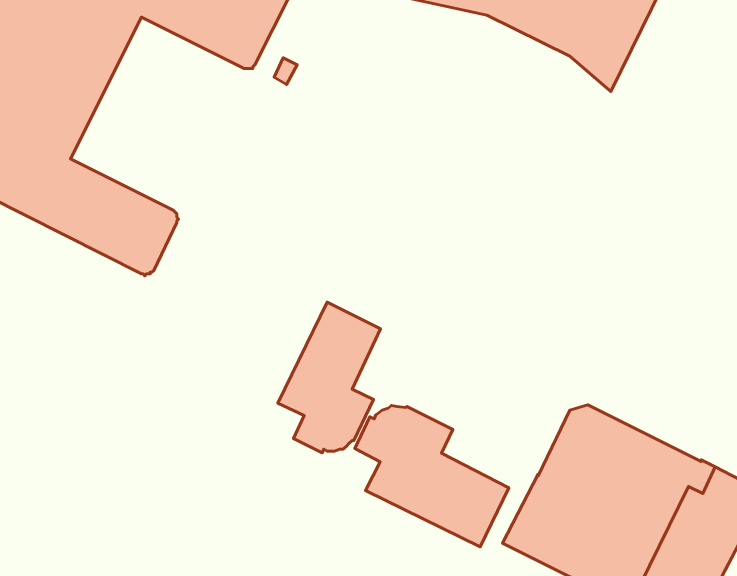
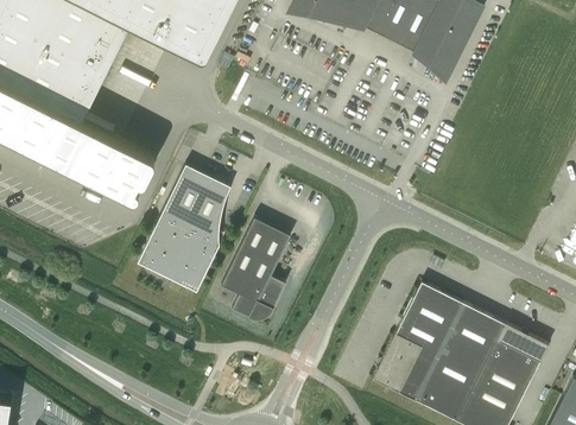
building: none -> [138,167,230,294]
building: [355,406,509,547] -> none

